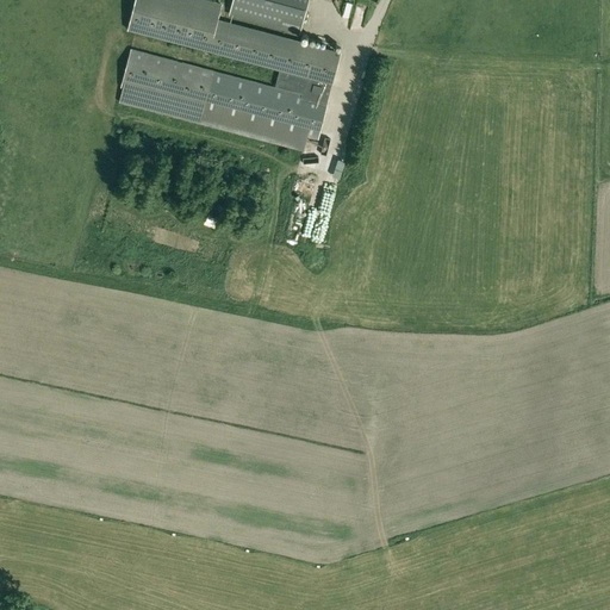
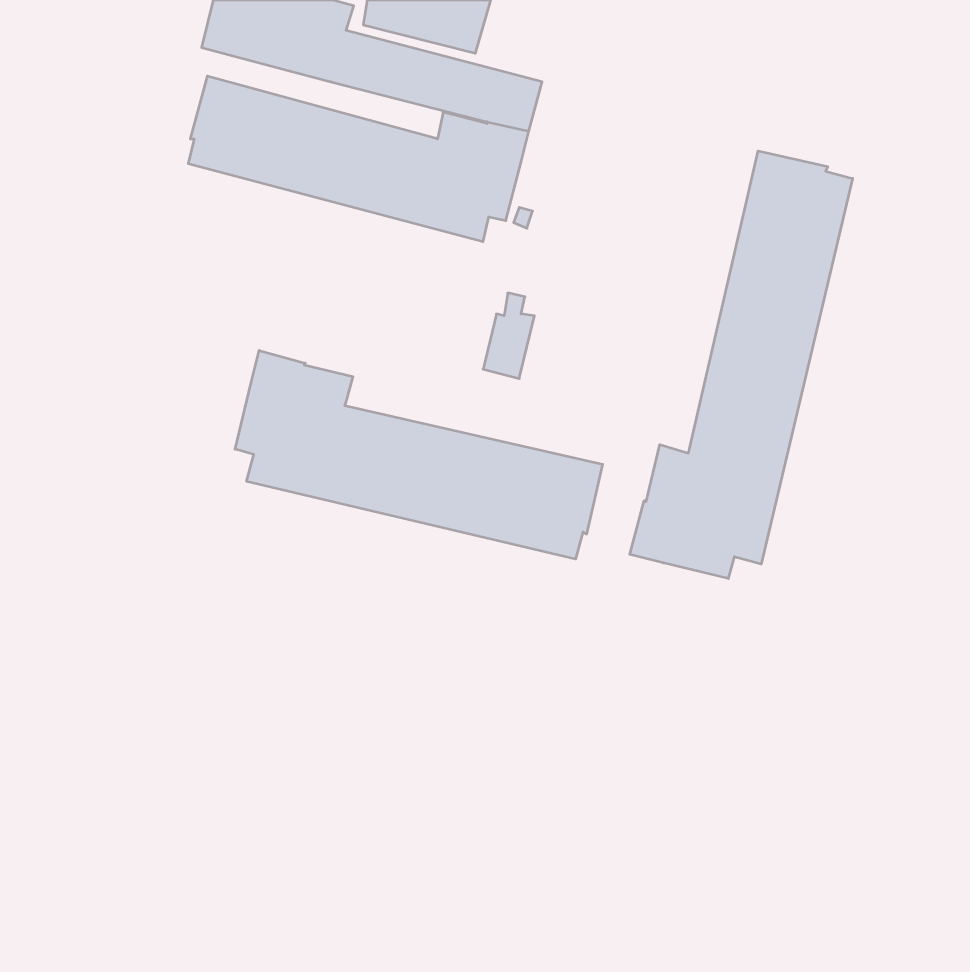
building: none -> [630,151,853,579]
building: none -> [235,350,603,559]

